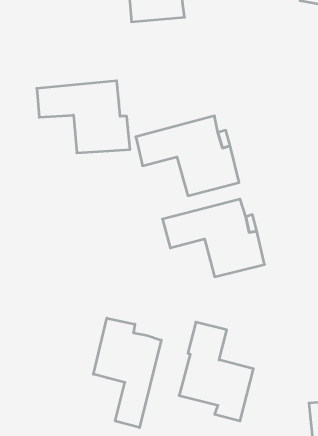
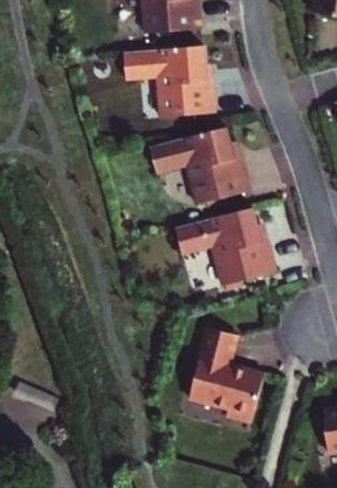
building: [37,81,130,153] -> [124,45,216,116]
building: [93,318,161,428] -> none

